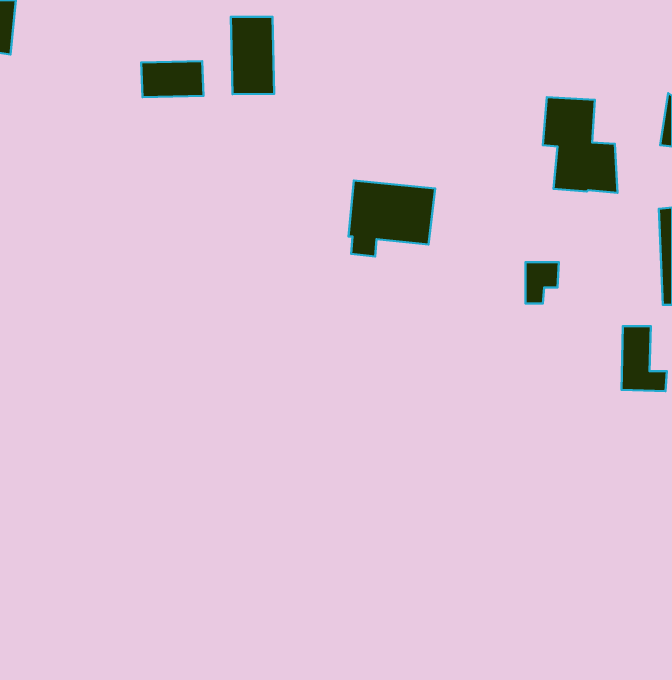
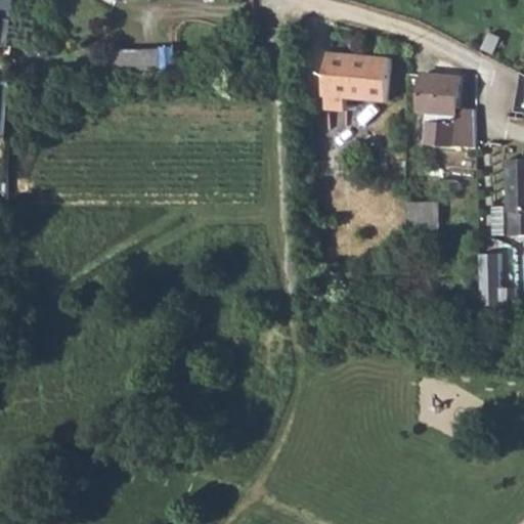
building: [231,17,274,94] -> none
building: [349,181,435,256] -> [322,52,389,111]

